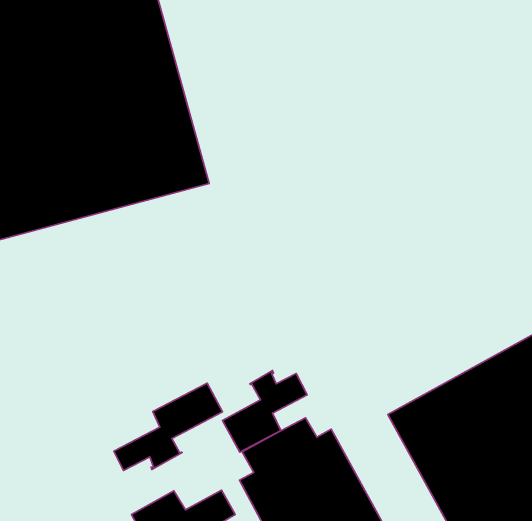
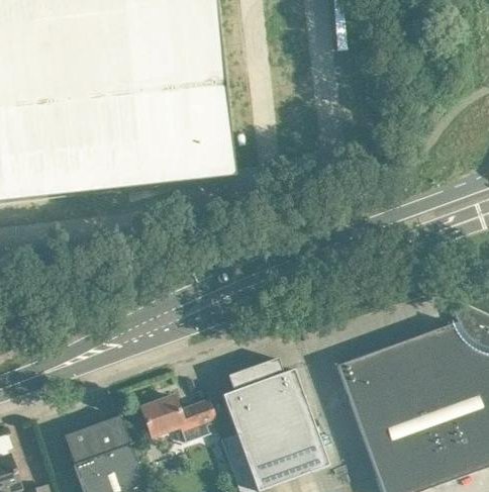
building: [222,371,307,452] -> none
building: [114,383,223,470] -> none

